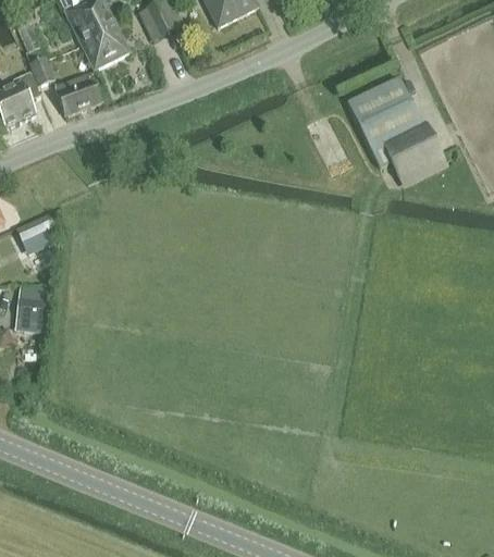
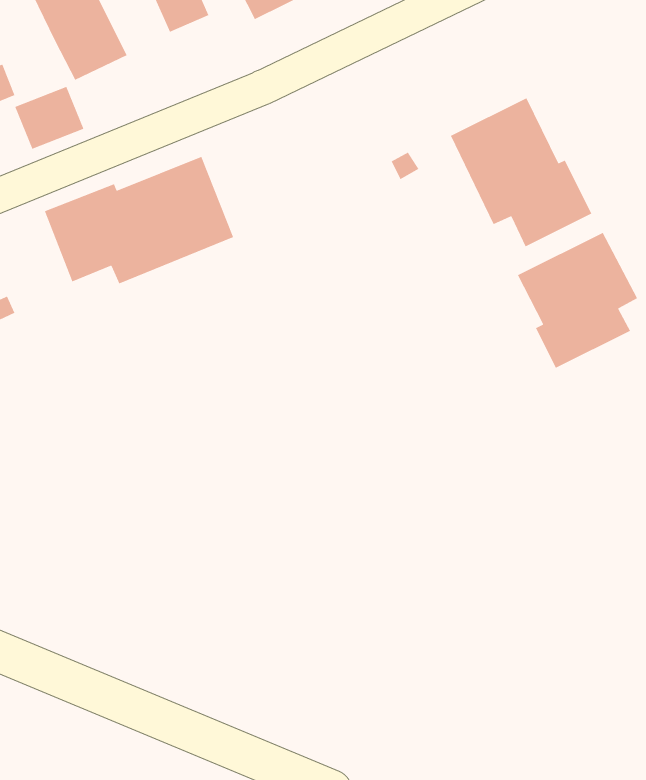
building: none -> [44,156,234,285]
building: none -> [517,232,638,369]

